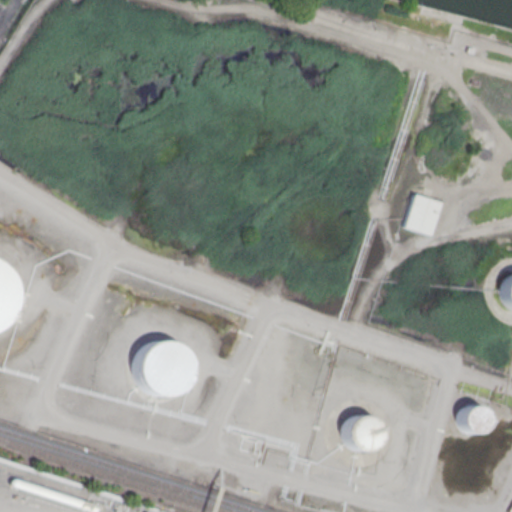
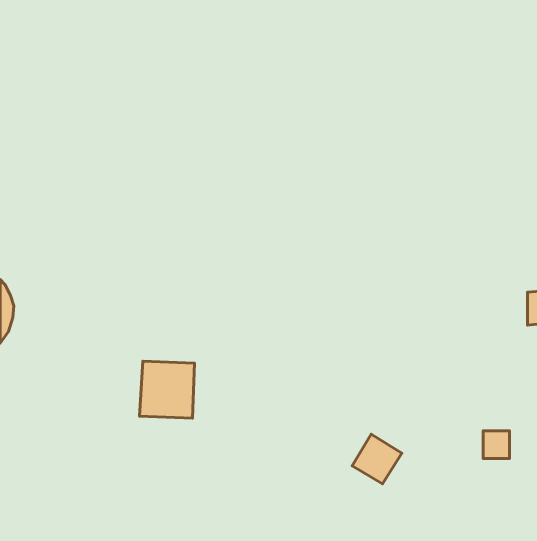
building: [404,193,441,235] -> none

